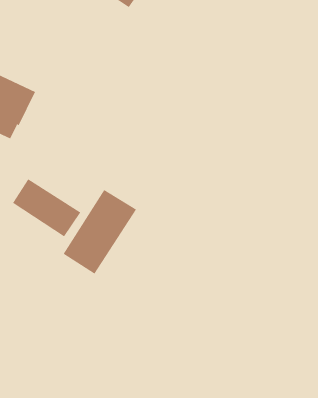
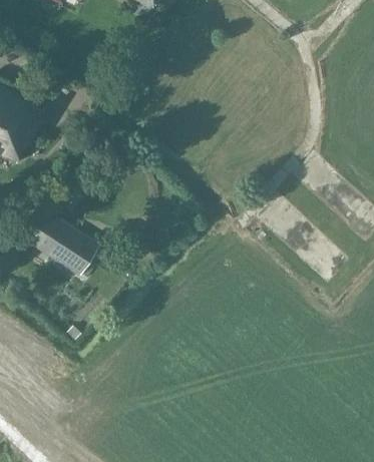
building: [63,189,137,275] -> none

